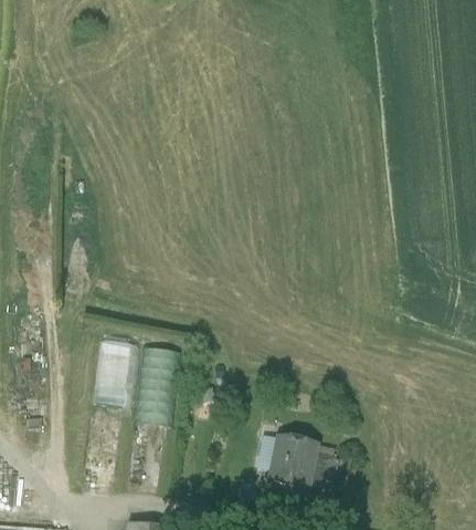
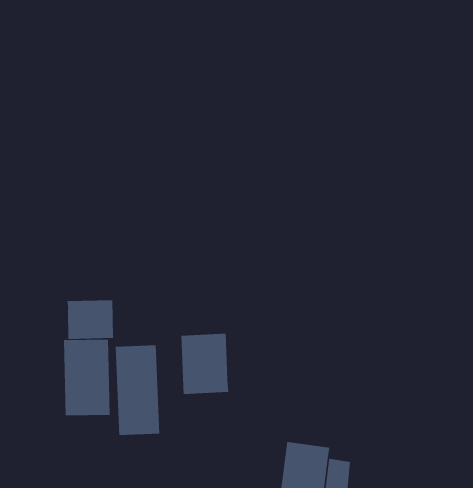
building: none -> [67,299,114,340]
building: none -> [181,333,229,395]

